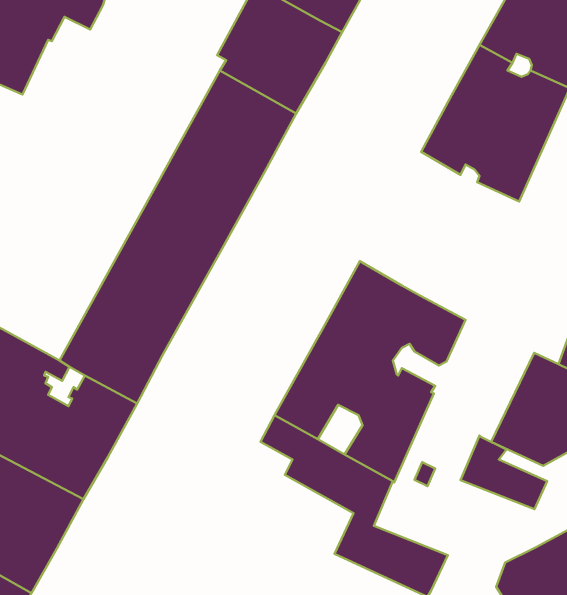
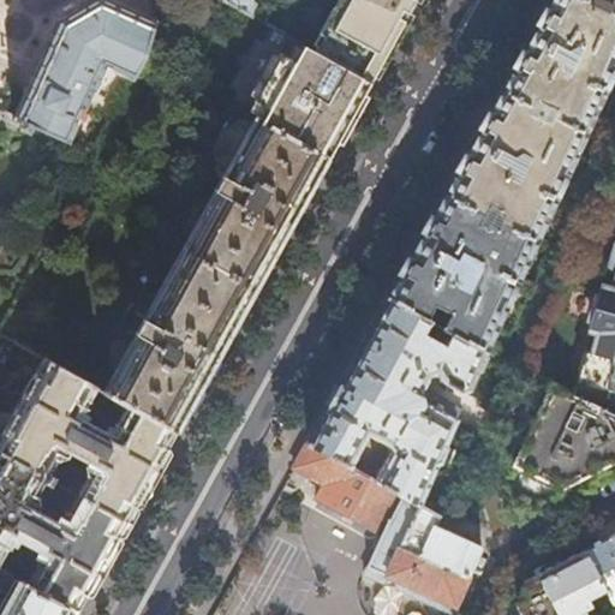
building: none -> [389,193,539,352]
building: [461,435,547,509] -> [402,504,484,574]

